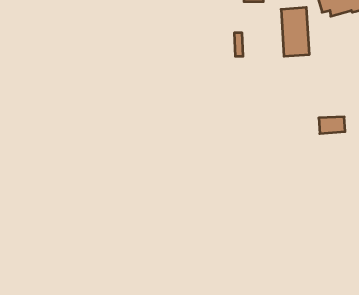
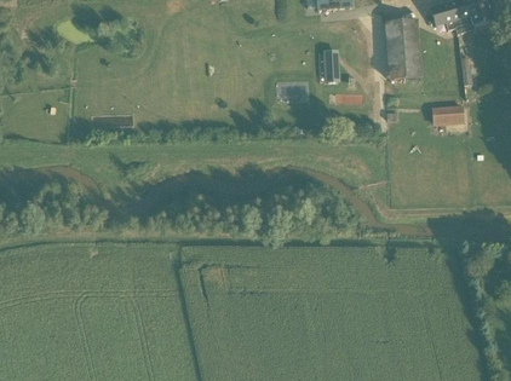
building: [319,117,345,134] -> [431,105,464,126]

